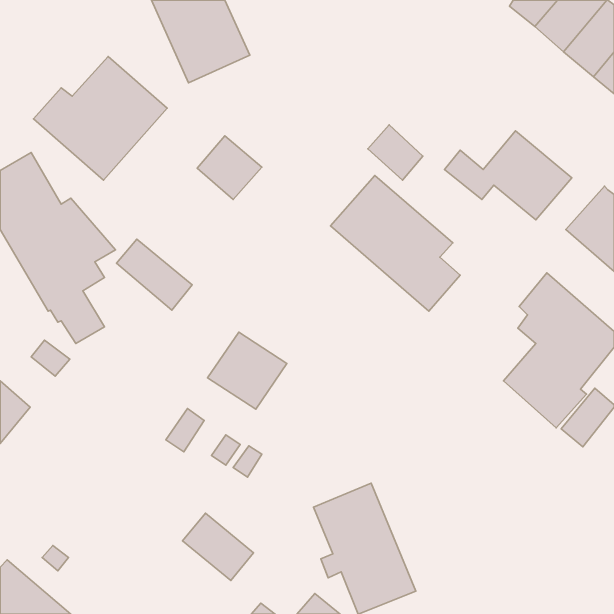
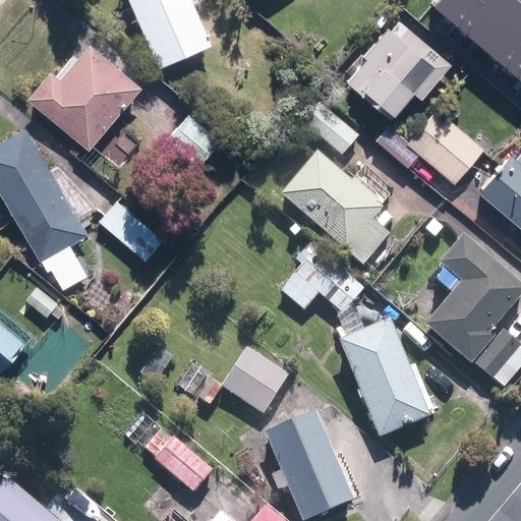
building: none -> [343,23,451,124]
building: none -> [273,242,435,437]
building: [208,332,287,409] -> [223,348,290,413]

